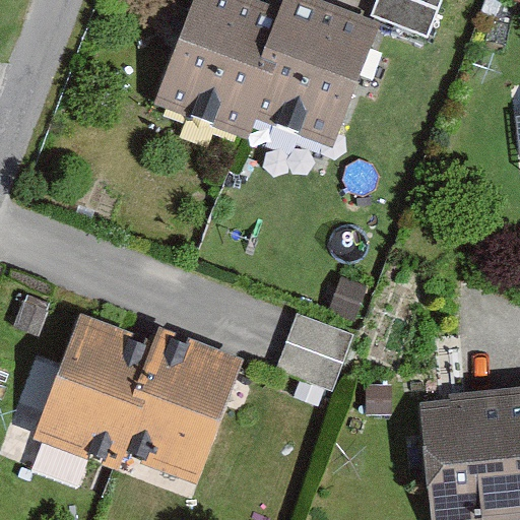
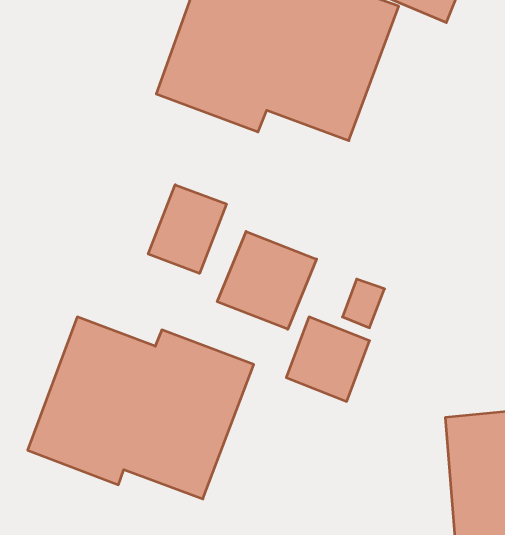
building: none -> [148,185,226,273]
building: none -> [217,231,317,329]

